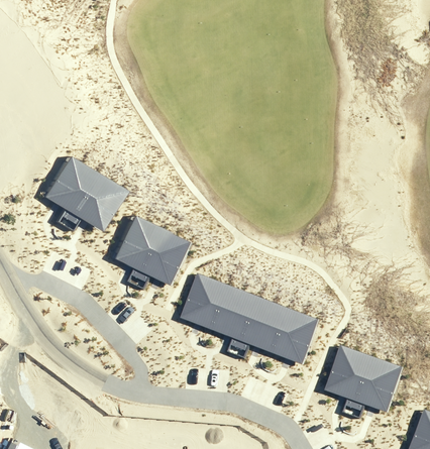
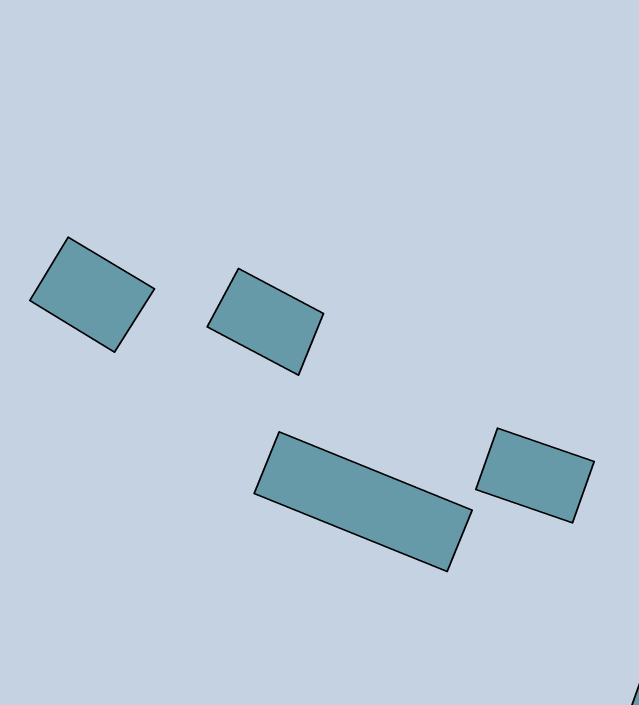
building: [115,219,186,284] -> [207,269,323,375]
building: [327,351,399,409] -> [476,428,594,523]

